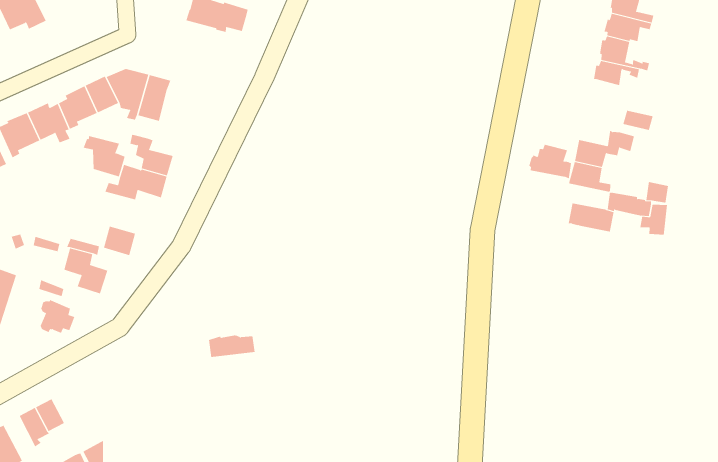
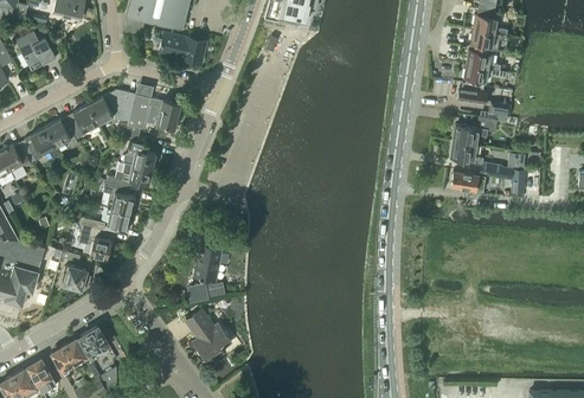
building: none -> [149,97,181,128]
building: [83,135,126,177] -> [103,182,135,212]
building: [529,144,572,179] -> [456,79,488,104]
building: none -> [193,236,223,282]
building: none -> [185,308,232,360]
building: none -> [81,326,110,358]

